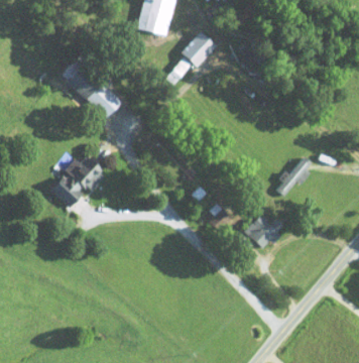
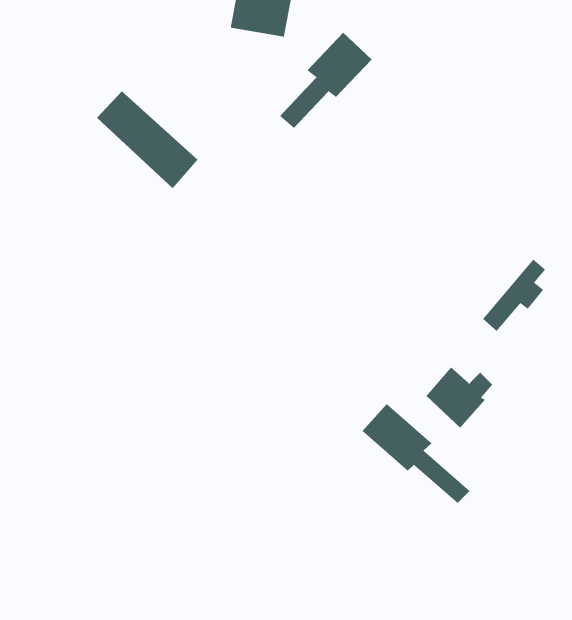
building: [49,155,105,206] -> none
building: none -> [362,403,470,504]

